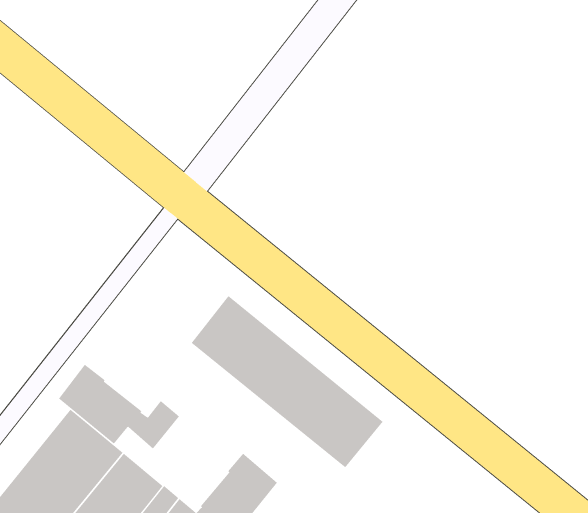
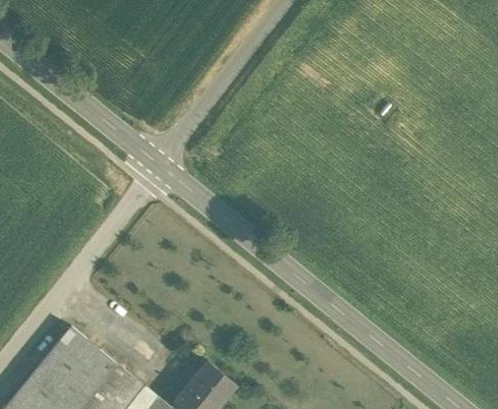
building: [191,295,384,468] -> none
building: [58,364,180,450] -> none

